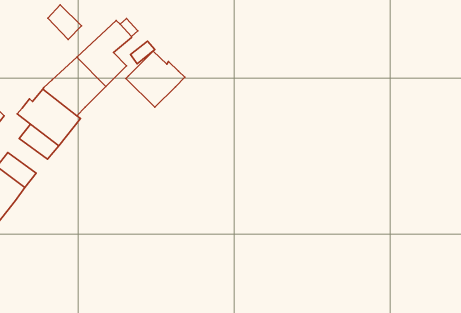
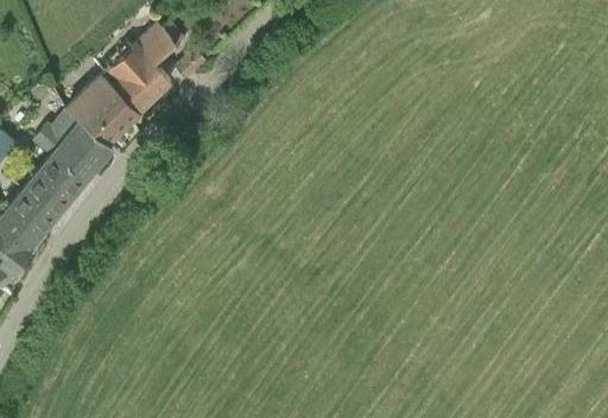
building: [48,5,81,40] -> none
building: [126,51,185,107] -> none
building: none -> [19,176,69,220]

